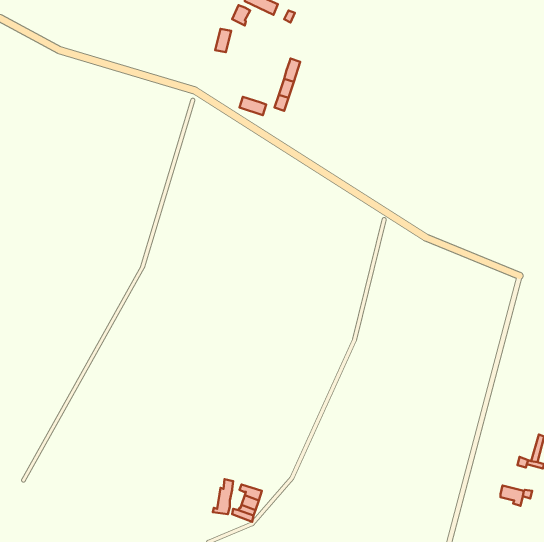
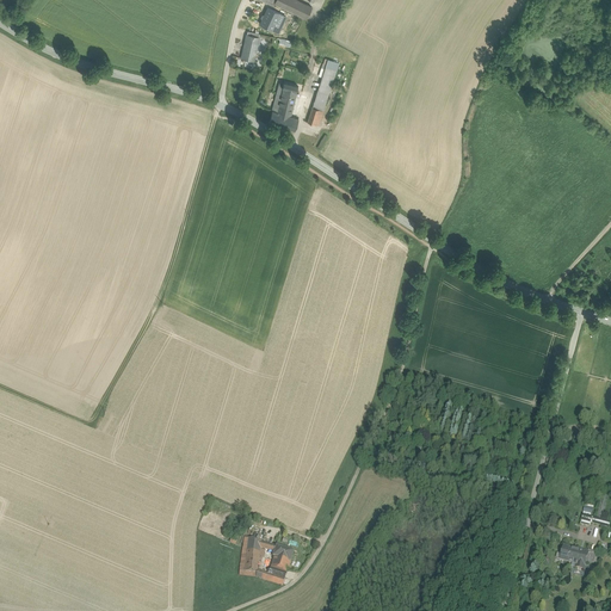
building: none -> [272,85,297,115]

